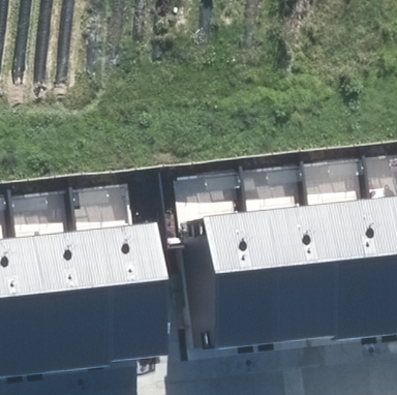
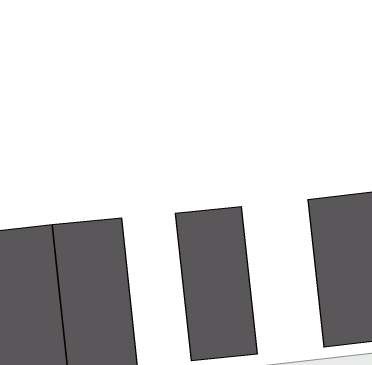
building: [251,205,326,344] -> none

